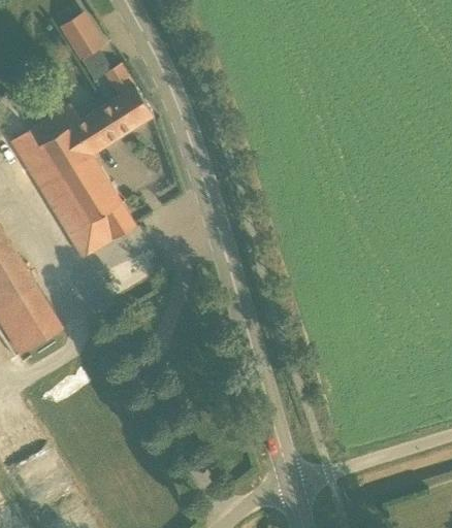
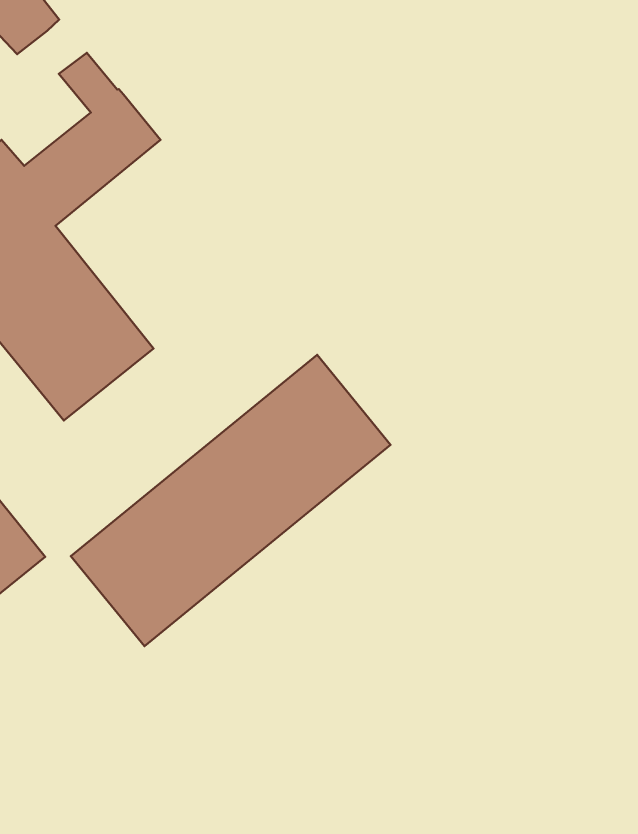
building: none -> [71,355,391,646]

